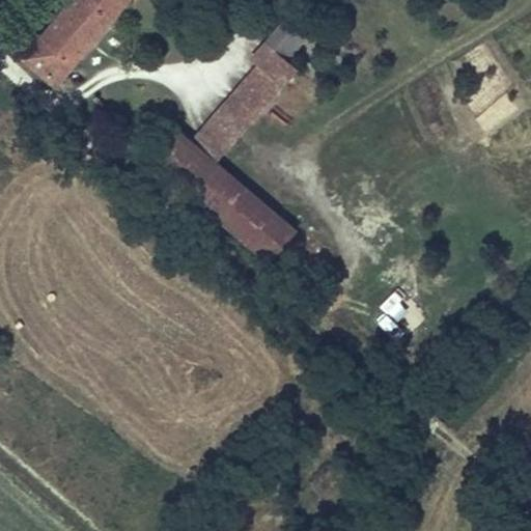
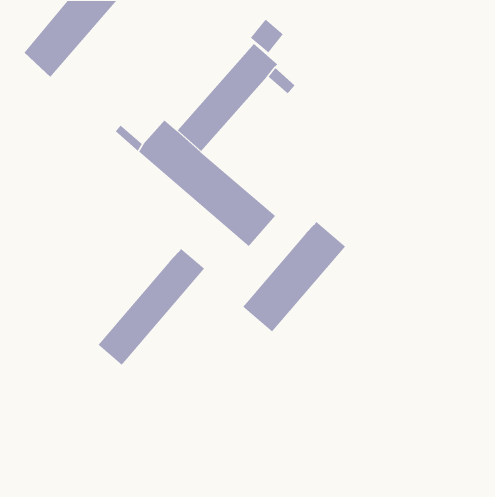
building: none -> [242,221,346,332]
building: none -> [97,248,205,366]

